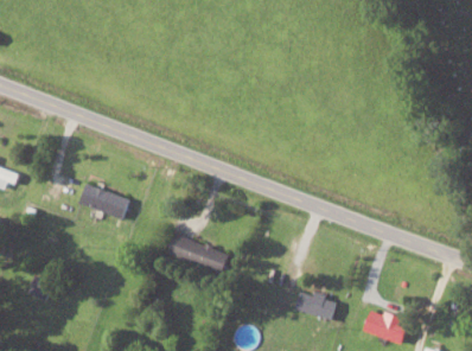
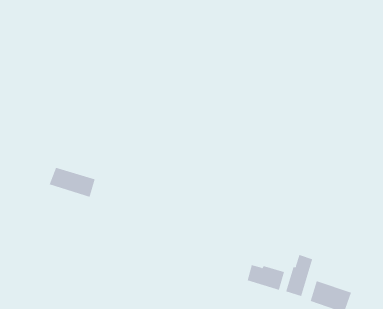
building: [168,236,231,273] -> none
building: none -> [286,254,313,297]

